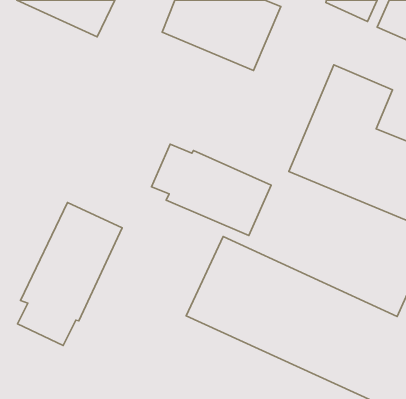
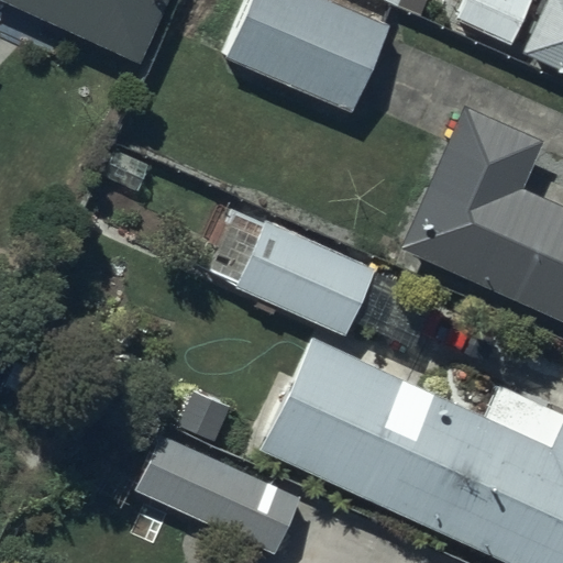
building: [18,203,122,345] -> none
building: none -> [136,433,300,555]

